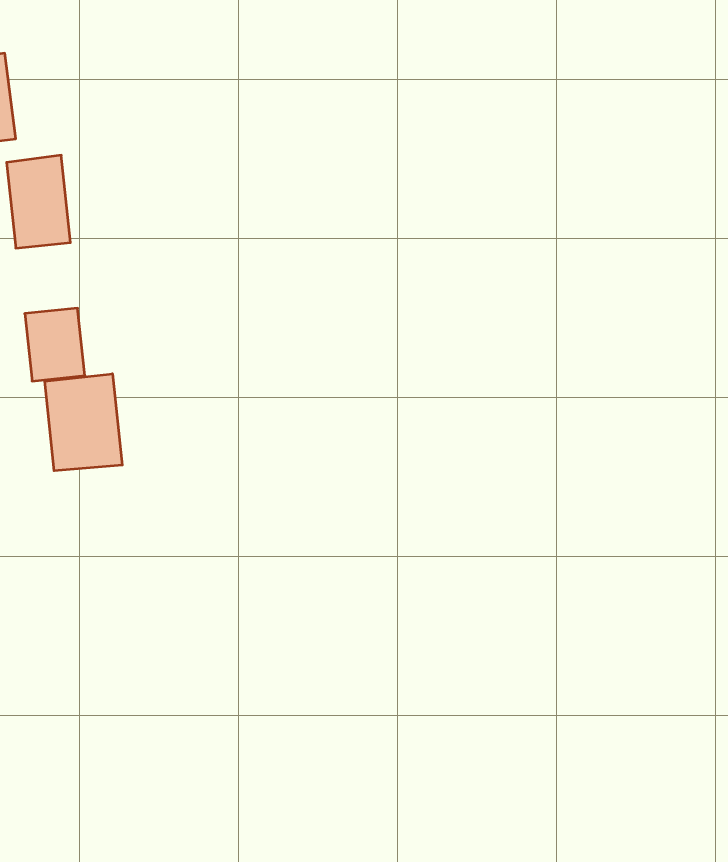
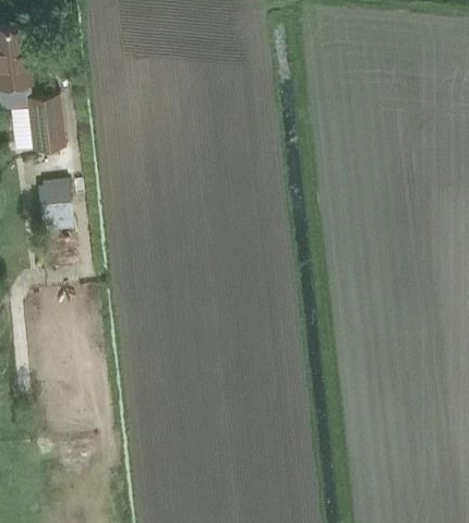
building: [45,374,122,471] -> none

